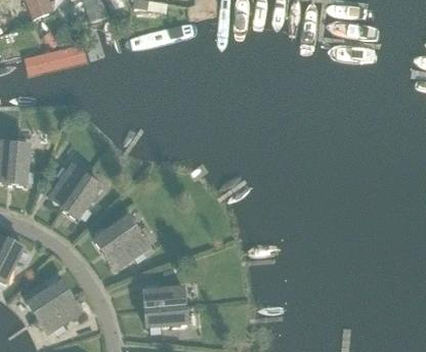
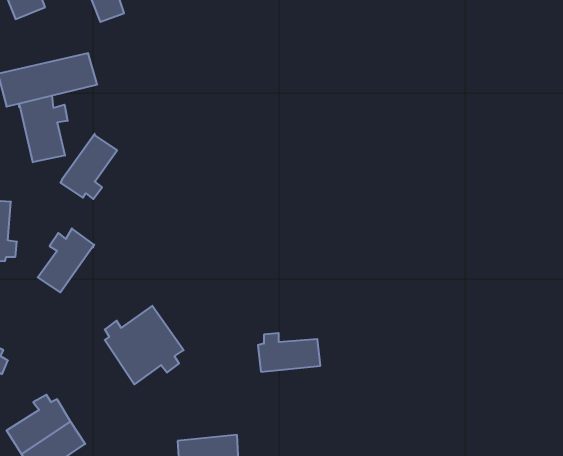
building: none -> [19,96,68,162]
building: [62,175,101,220] -> [60,134,117,199]
building: [142,282,185,309] -> [258,333,320,372]

